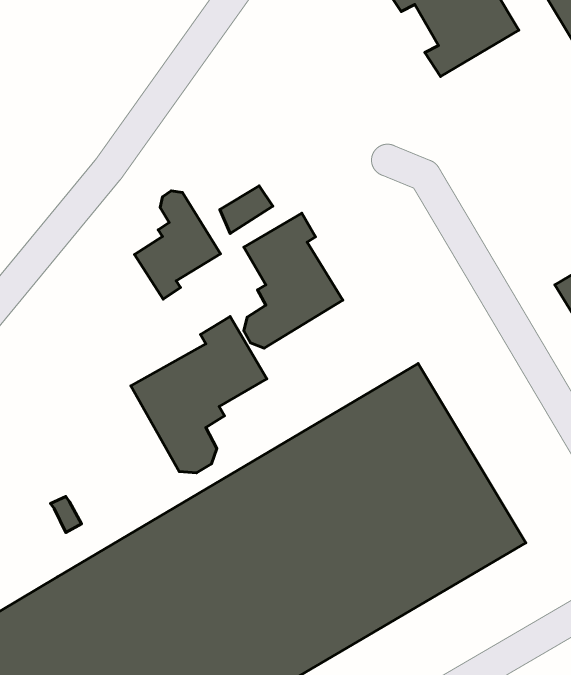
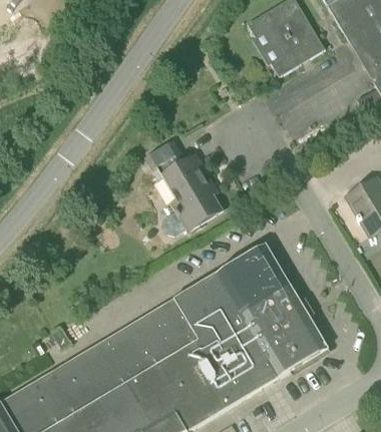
building: [134,191,221,299] -> none
building: [131,317,267,473] -> none

